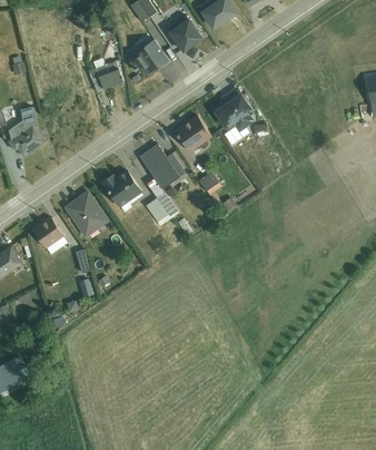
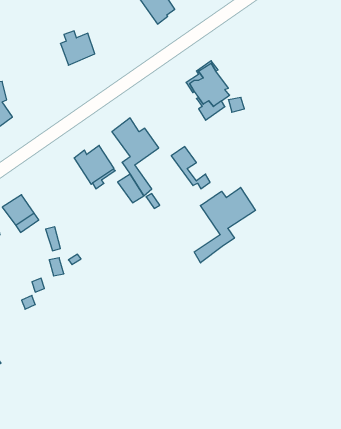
building: [130,39,166,72] -> none
building: [175,115,211,151] -> none
building: [66,192,108,236] -> none
building: none -> [194,187,255,263]

